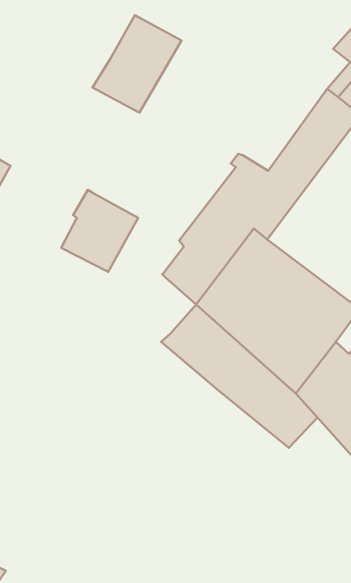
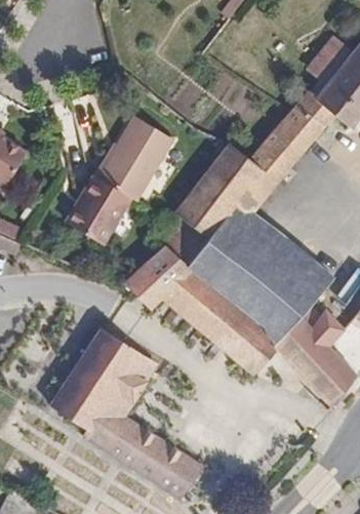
building: [93,15,182,113] -> [105,114,181,197]
building: none -> [121,247,192,311]
building: none -> [54,330,202,502]

